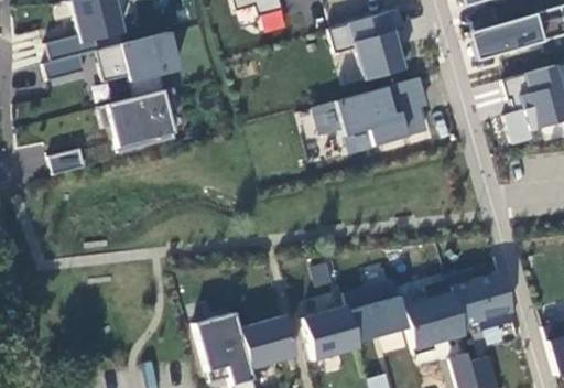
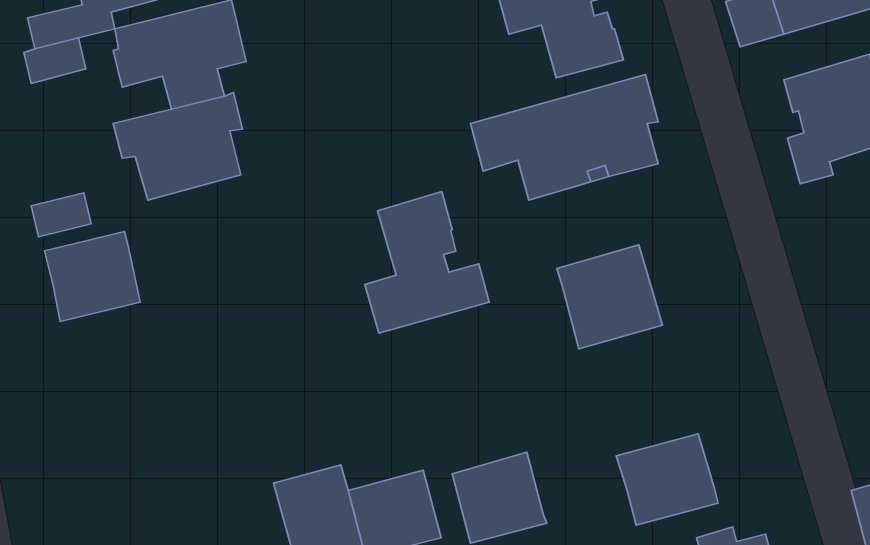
building: none -> [365,192,489,333]
building: none -> [45,231,140,321]
building: [449,270,513,326] -> none
building: [345,279,409,342] -> [557,245,663,349]

